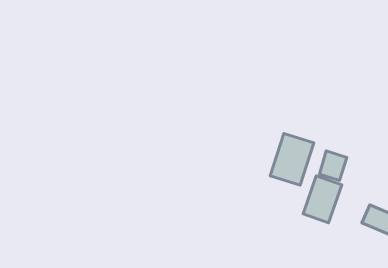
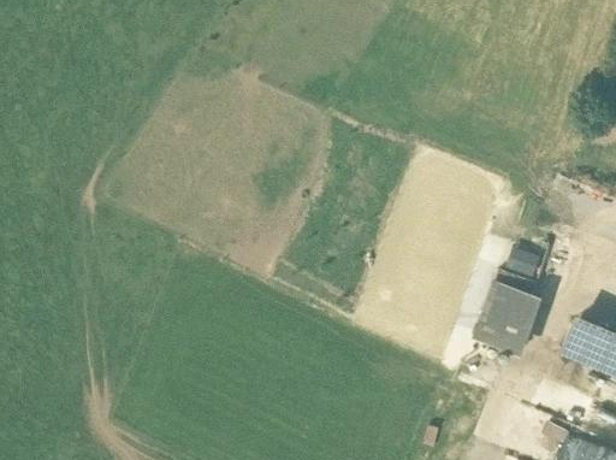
building: [270,133,314,185] -> none

